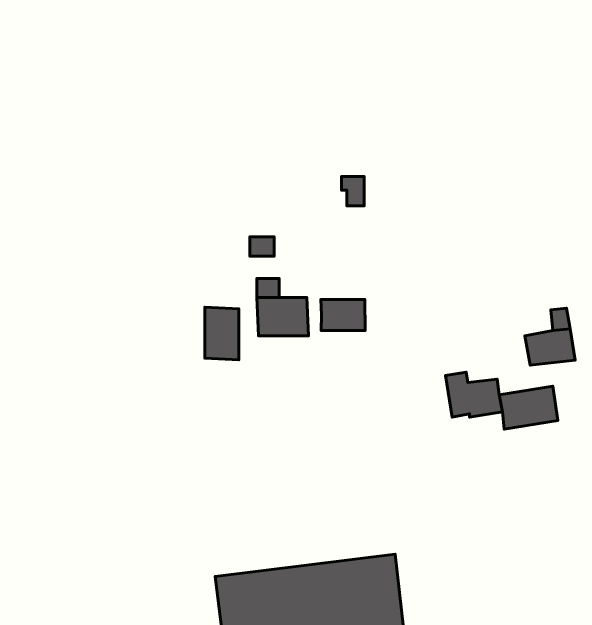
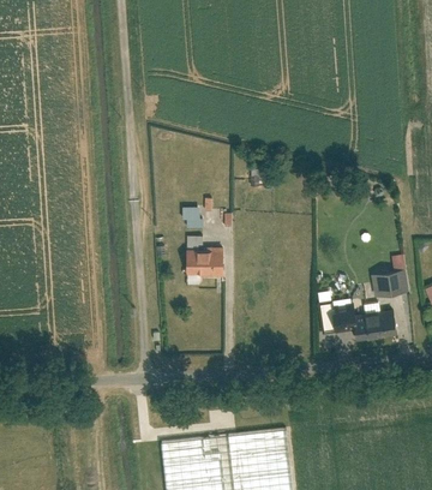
building: [321,299,365,331] -> none
building: [205,307,239,360] -> none

